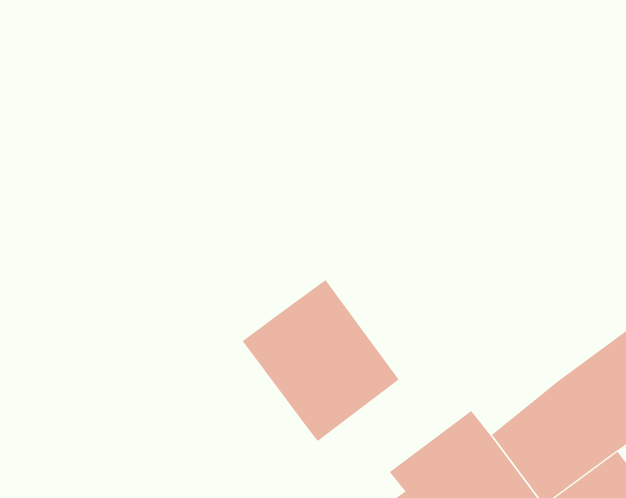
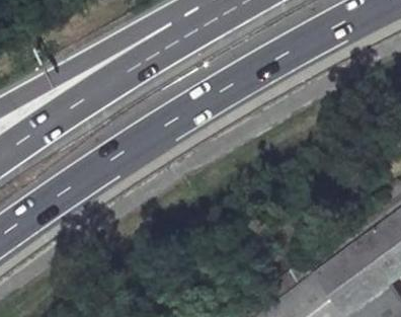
building: [242,279,399,442] -> none

